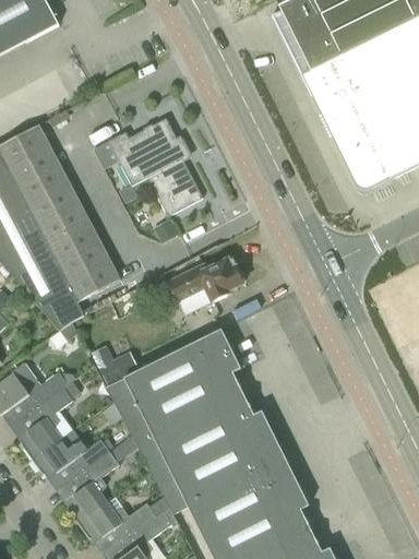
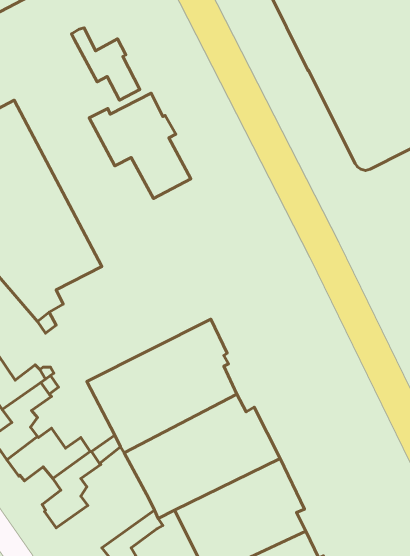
building: none -> [71,28,140,100]
building: [168,257,243,302] -> none
building: [89,345,139,385] -> none
building: [77,496,169,543] -> none

